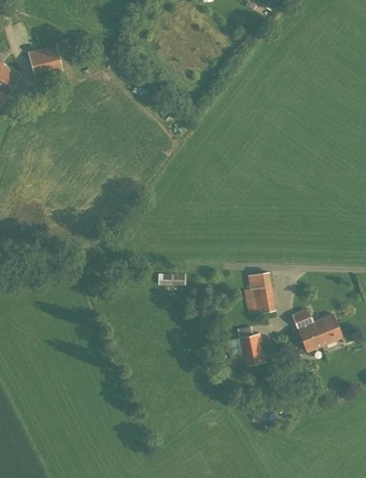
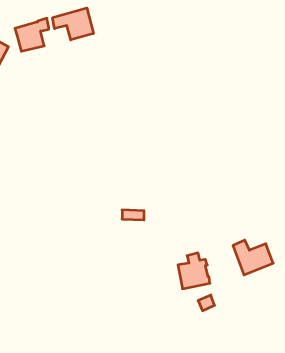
building: none -> [53,8,93,40]
building: [244,271,275,319] -> none

